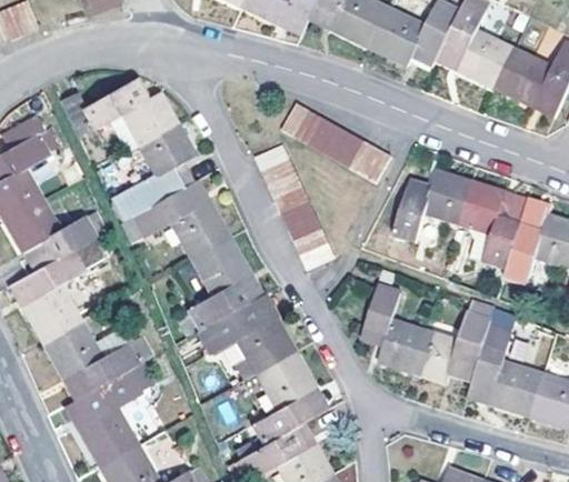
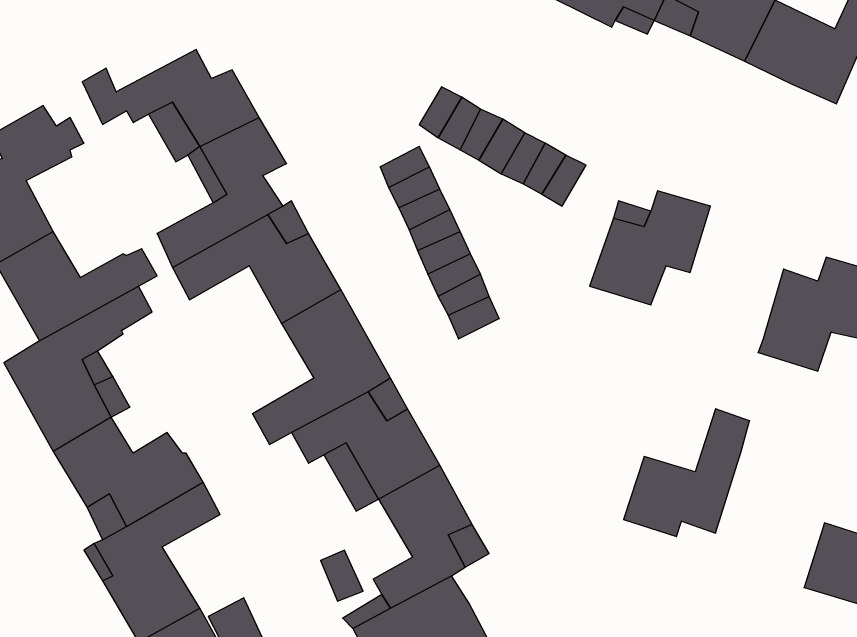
building: [458,181,526,268] -> none
building: [363,299,428,385] -> none
building: [475,341,546,430] -> none

